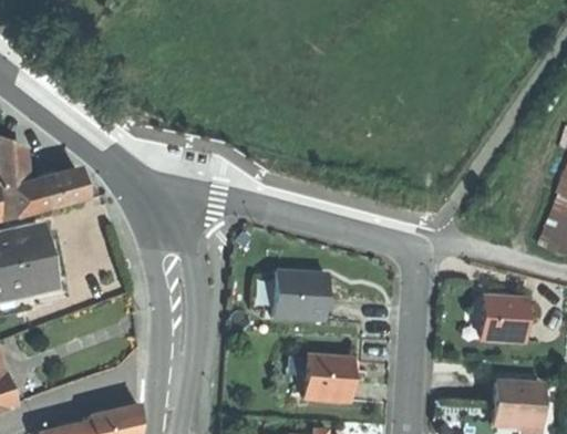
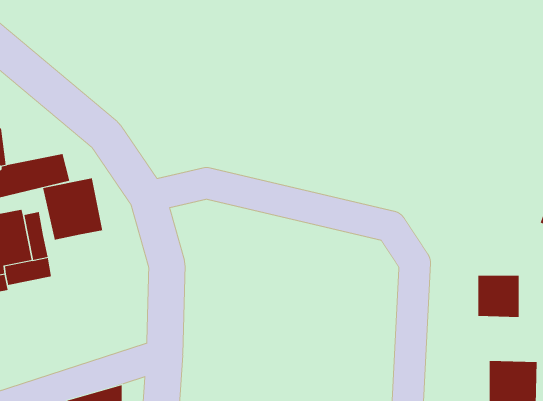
building: none -> [43,178,103,240]
building: [271,270,326,318] -> none
building: [303,352,350,399] -> none

